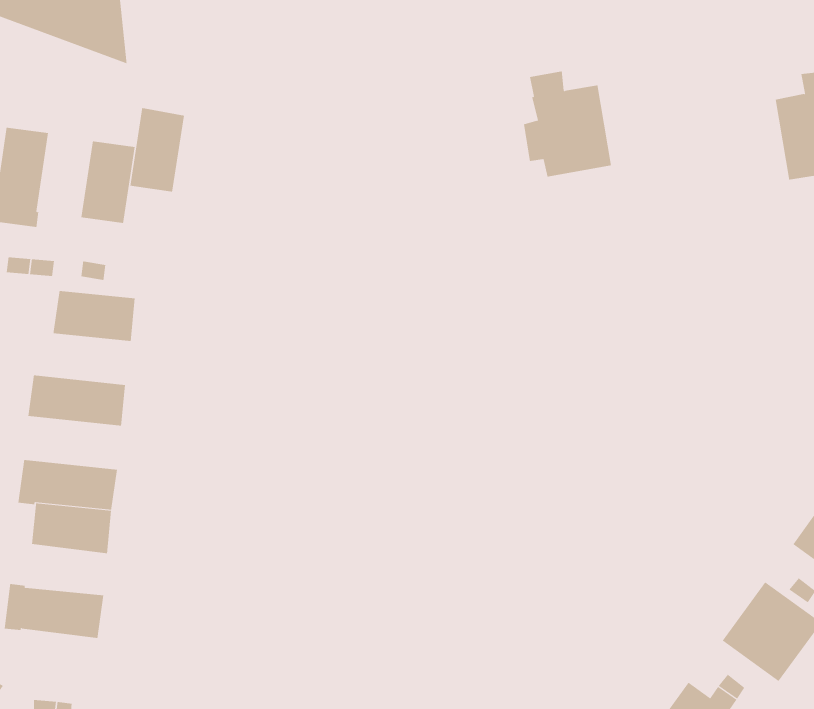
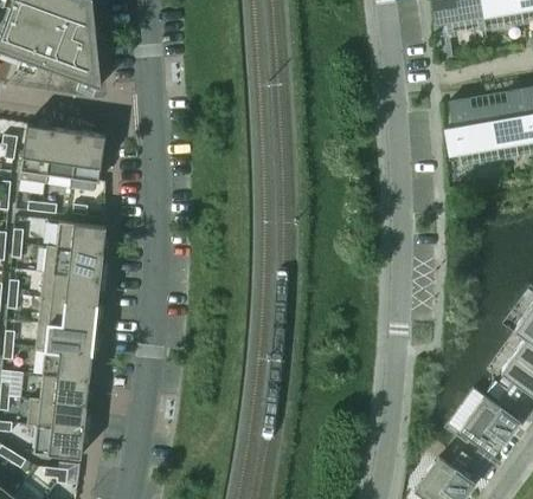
building: [523,71,612,177] -> [444,99,497,163]
building: [130,108,185,192] -> [45,128,78,179]
building: none -> [43,246,102,279]
building: none -> [37,298,96,330]
building: none -> [38,375,88,406]
building: none -> [32,426,82,458]

